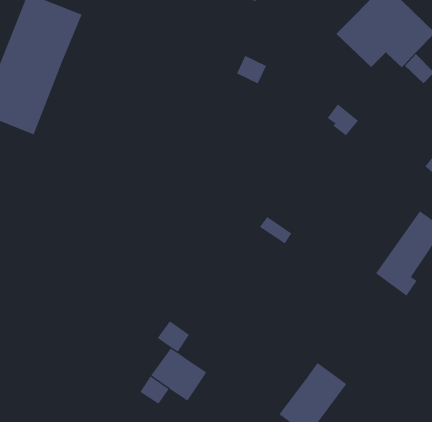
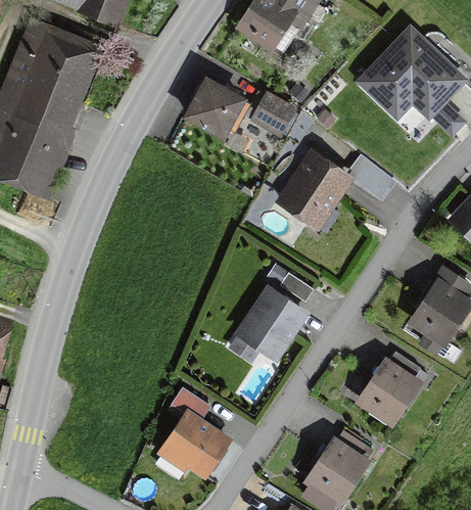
building: none -> [190,82,244,135]
building: none -> [282,154,354,229]
building: none -> [234,292,305,372]
building: none -> [356,346,428,426]

